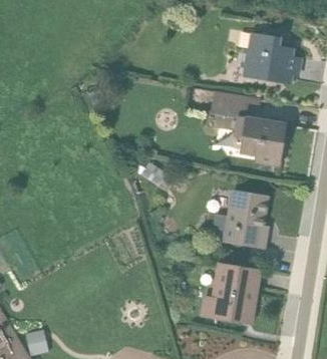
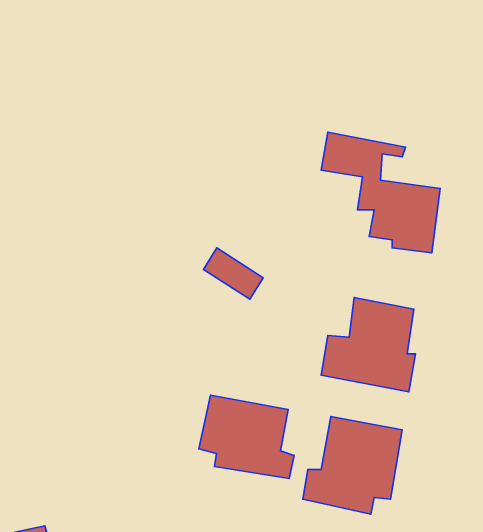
building: [239,31,302,85] -> none
building: none -> [199,395,294,479]

